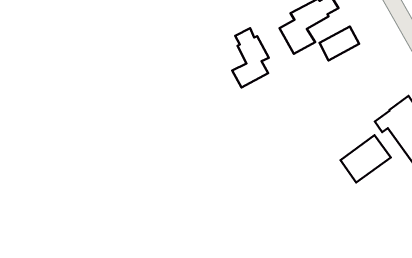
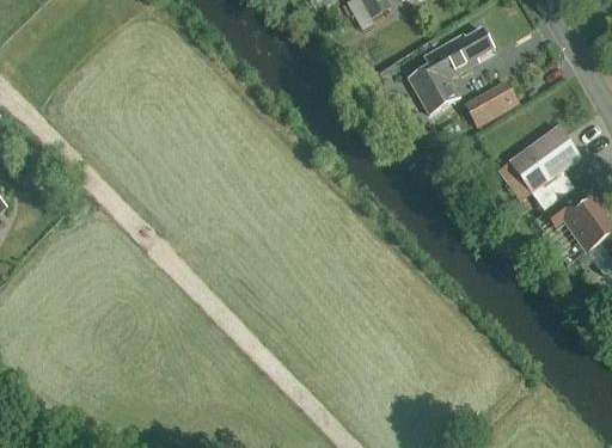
building: [232,28,269,88] -> none
building: [340,135,391,182] -> [509,125,582,194]

